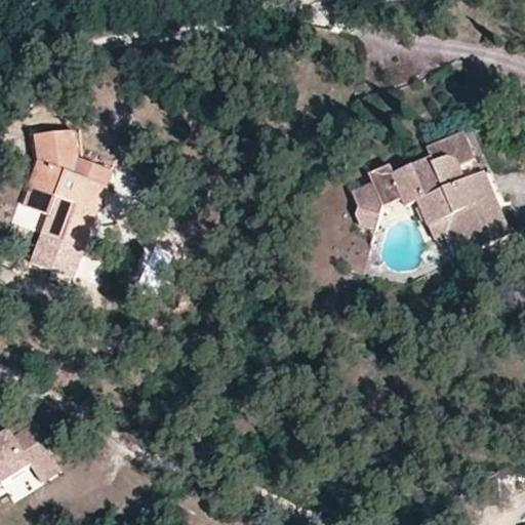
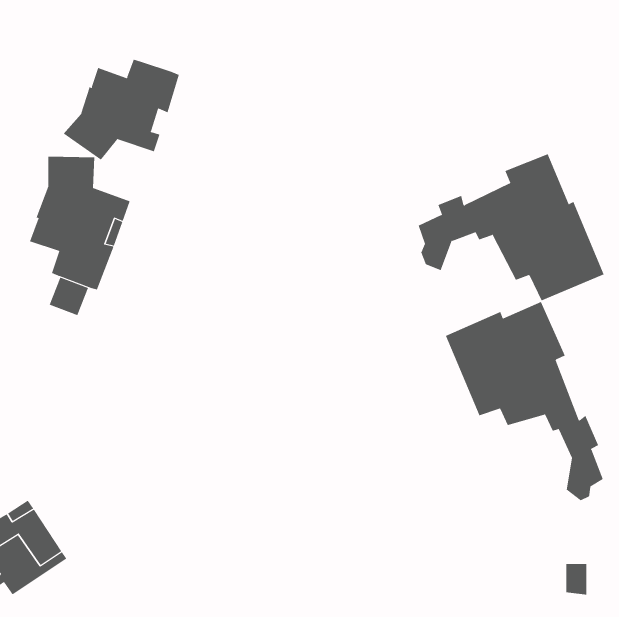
building: none -> [63,59,180,161]
building: none -> [445,301,604,501]

